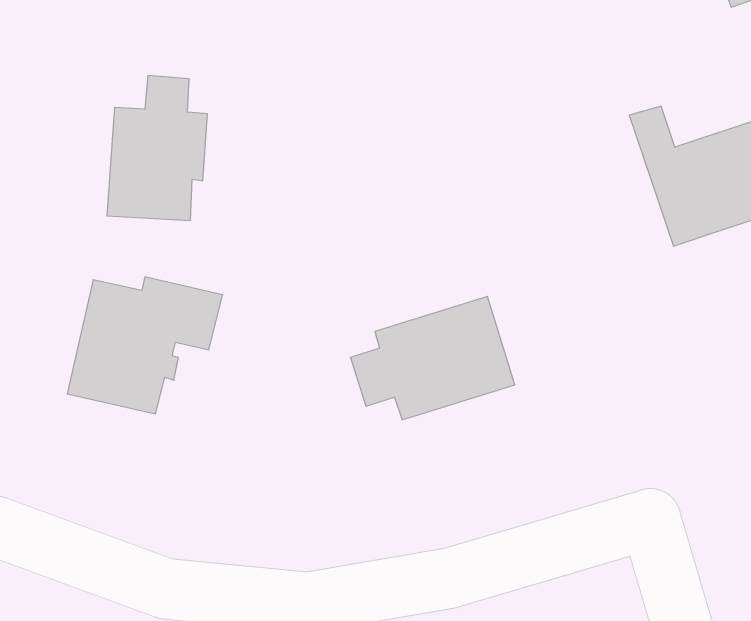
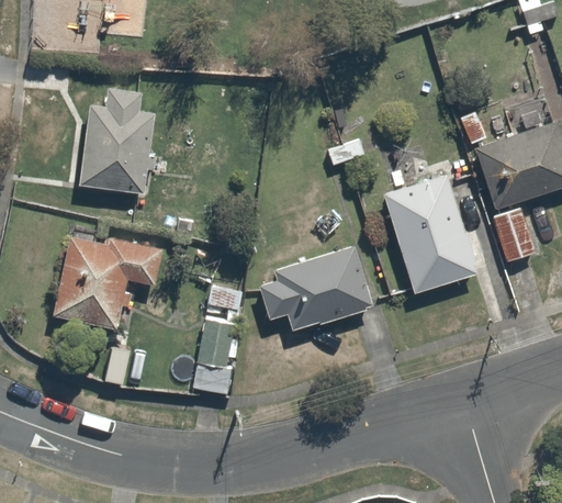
building: none -> [381,176,475,295]
building: none -> [490,199,541,267]
building: none -> [192,318,240,394]

